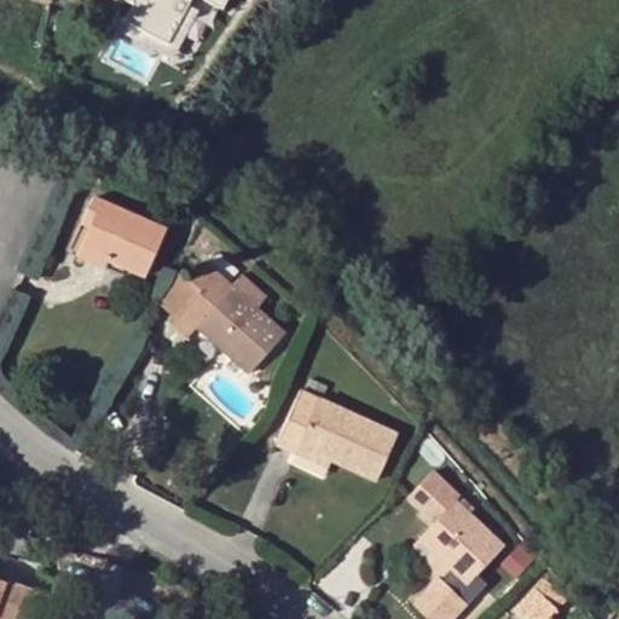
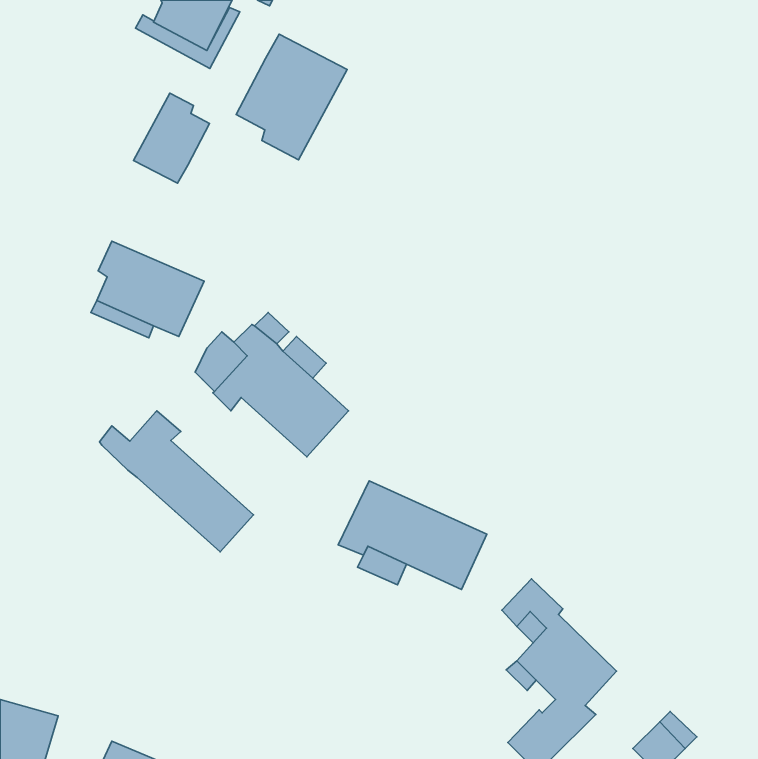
building: none -> [236,34,347,160]
building: none -> [134,93,210,183]
building: none -> [99,411,254,552]

